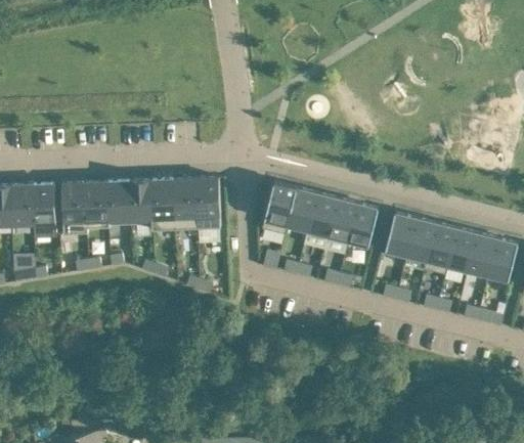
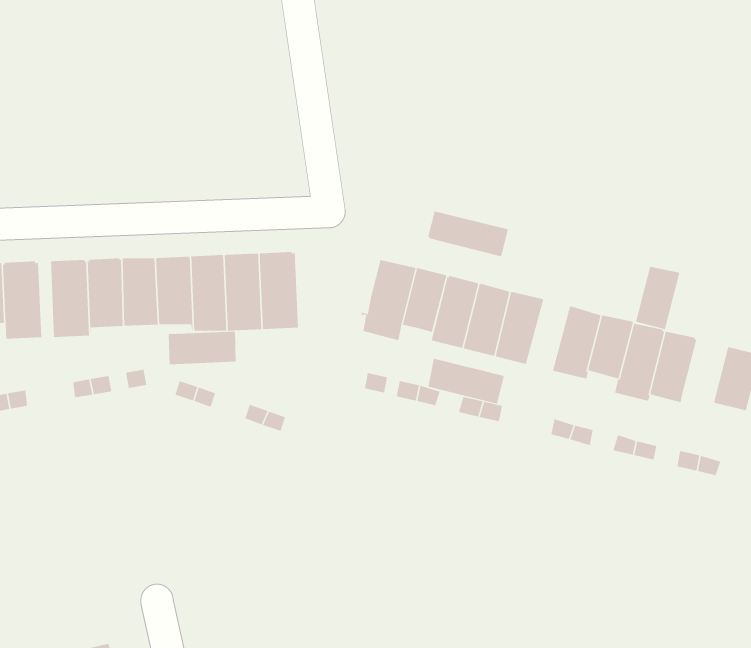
building: none -> [427,210,509,257]
building: none -> [168,331,236,365]
building: [468,233,496,274] -> [635,266,680,330]
building: none -> [428,358,505,405]

